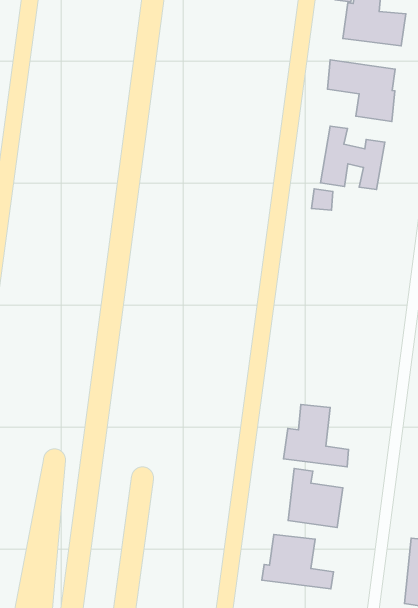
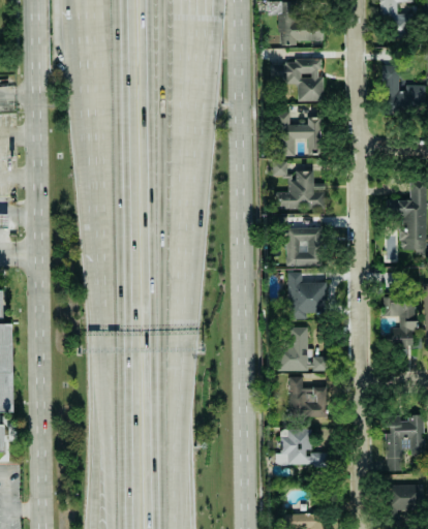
building: none -> [277,169,326,209]
building: none -> [285,226,324,264]
building: none -> [288,271,328,317]

